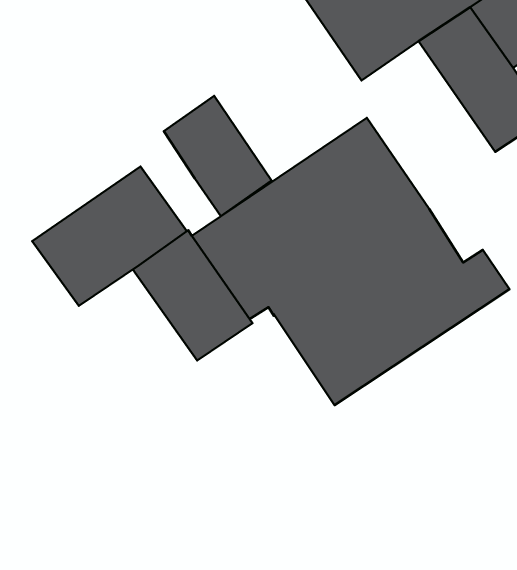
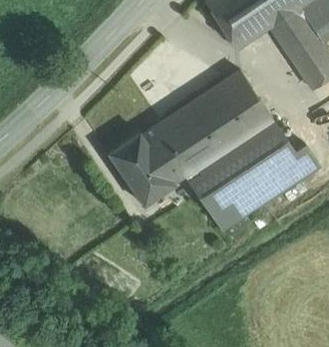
building: [164,96,271,216] -> none
building: [32,167,187,306] -> none

